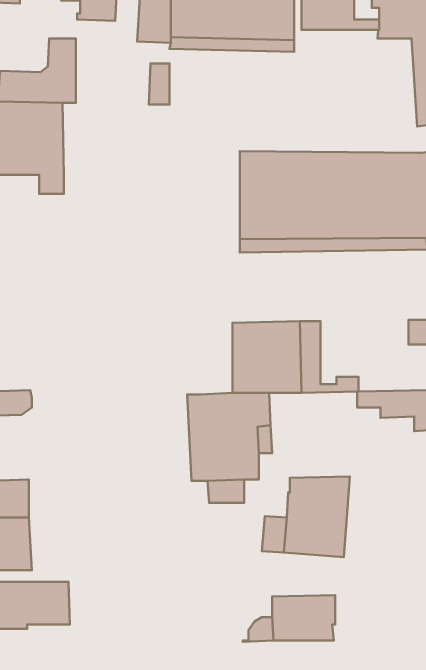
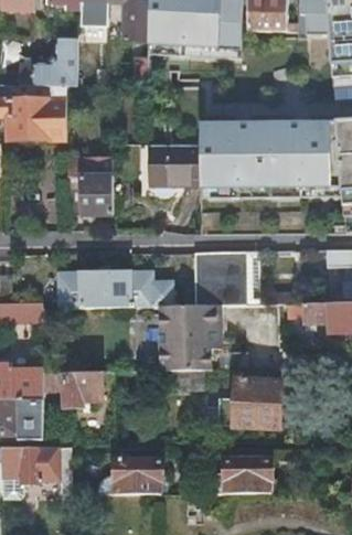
building: none -> [150,145,200,184]
building: none -> [67,160,111,214]
building: none -> [58,272,171,307]
building: none -> [41,372,113,406]
building: none -> [115,459,163,492]

